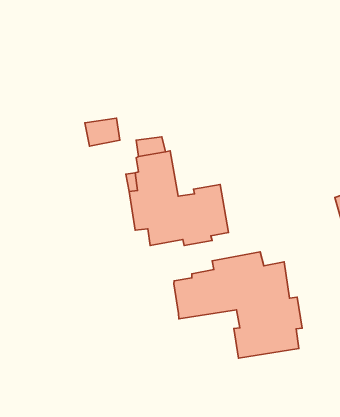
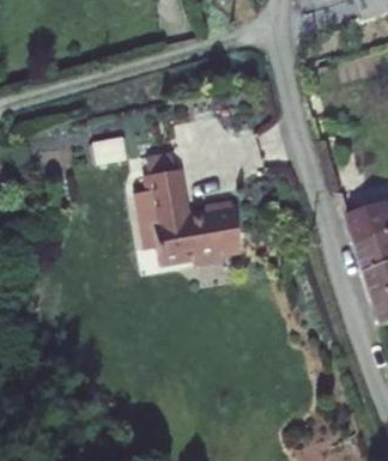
building: [174,252,302,358] -> none

